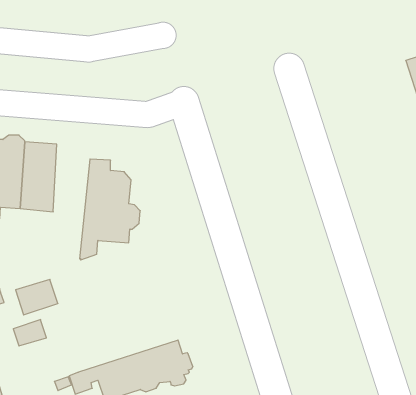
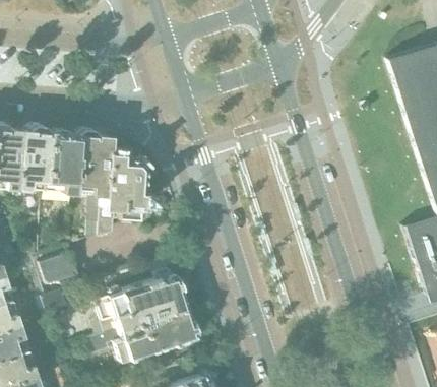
building: none -> [75,128,109,238]
building: none -> [95,269,186,335]

